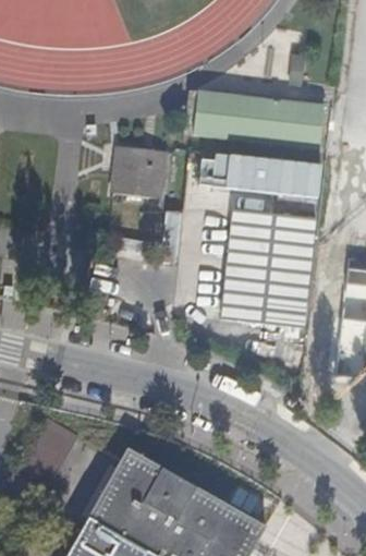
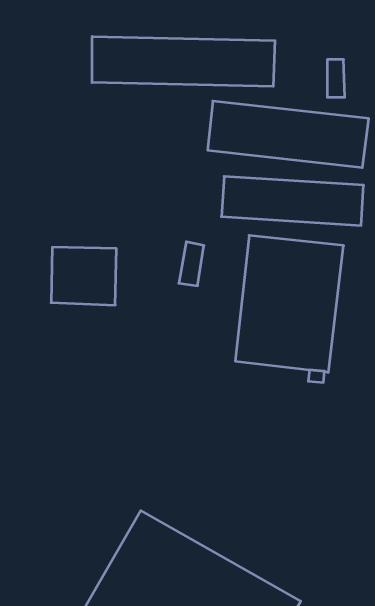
building: none -> [92,36,275,86]
building: [110,148,167,198] -> [51,247,116,305]

